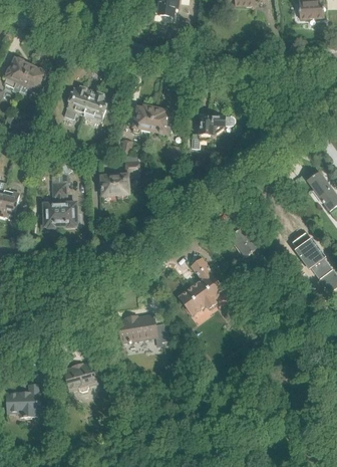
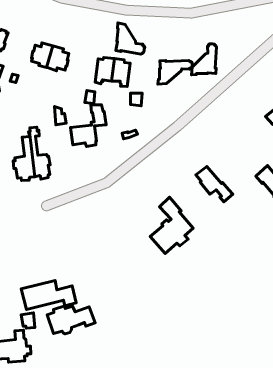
building: none -> [116,23,145,54]
building: none -> [192,44,216,75]
building: [117,314,174,342] -> [21,280,76,310]

